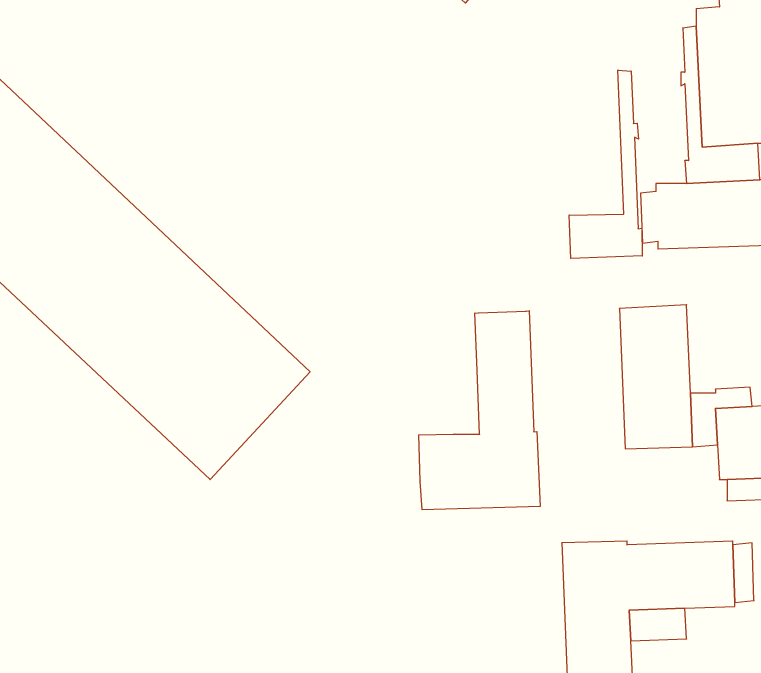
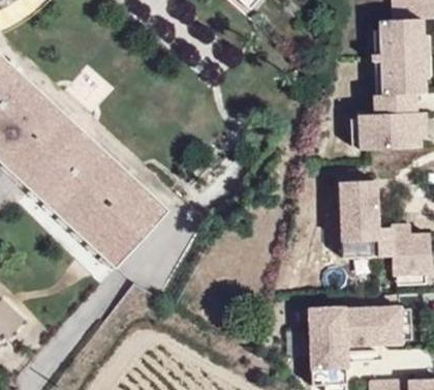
building: [569,70,642,258] -> none
building: [419,311,540,510] -> none

